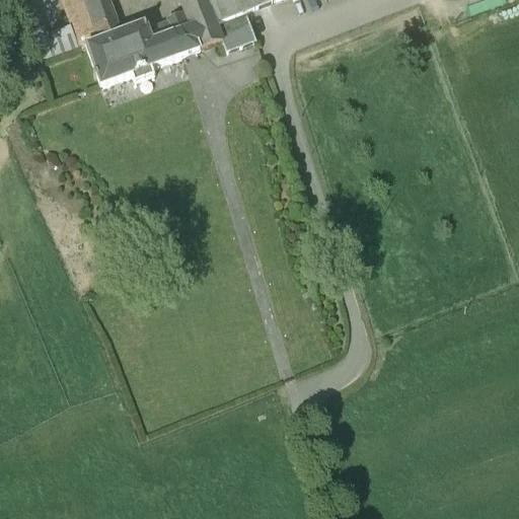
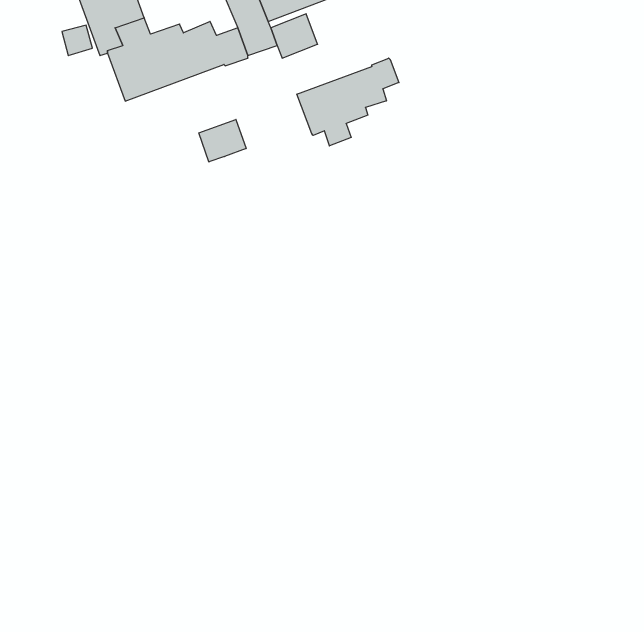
building: none -> [297,58,399,146]
building: none -> [199,119,246,162]

